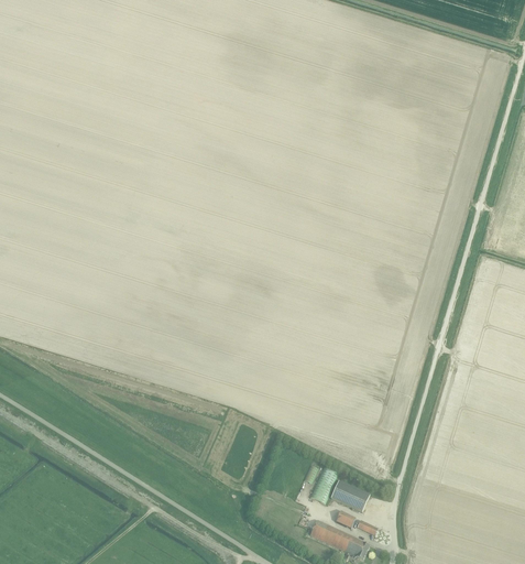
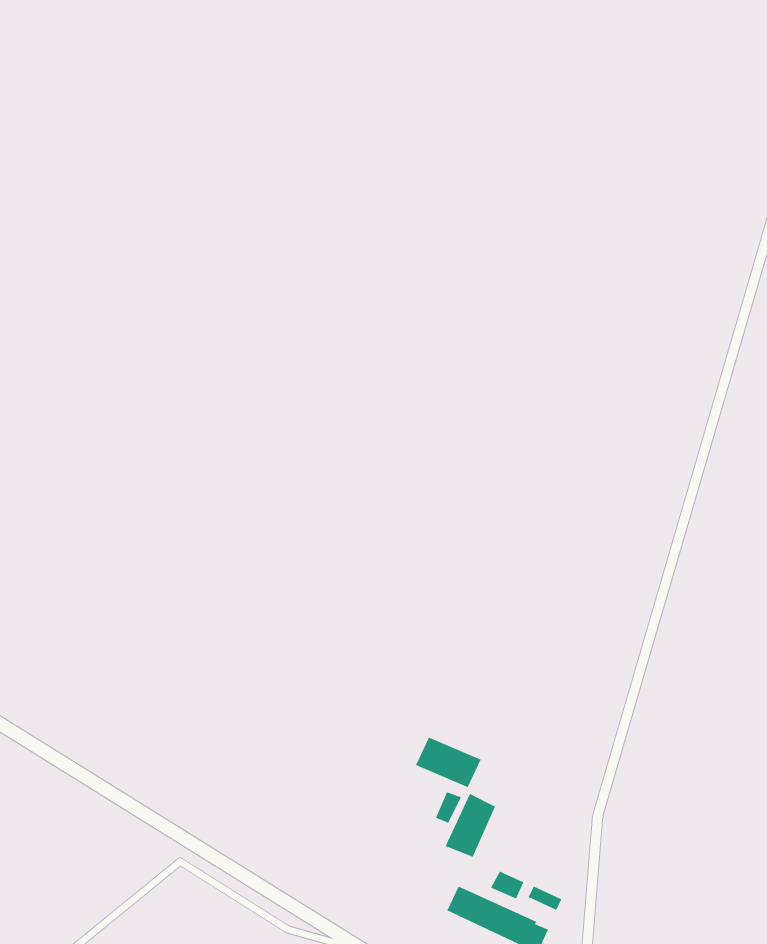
building: [329,481,368,511] -> [415,737,481,788]

